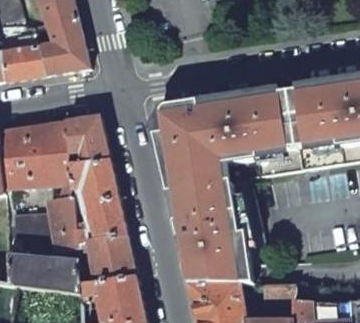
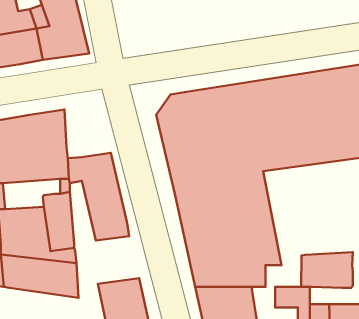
building: [66,115,109,164] -> none
building: [75,237,135,282] -> none
building: none -> [301,252,353,288]

